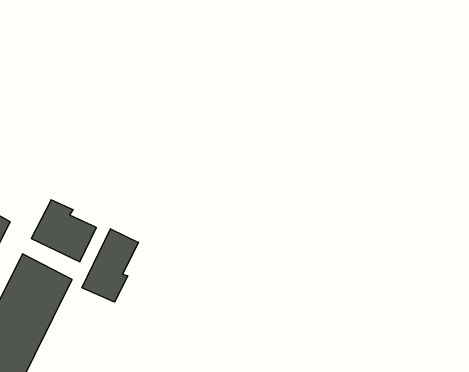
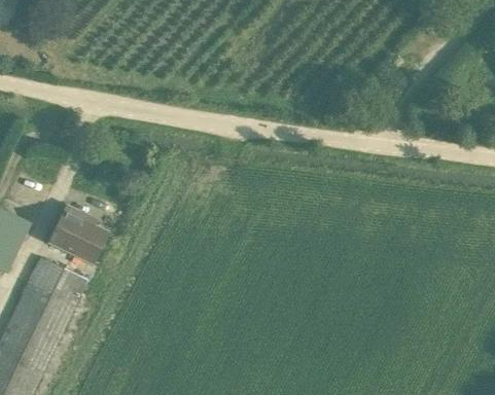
building: [82,229,139,302] -> none

